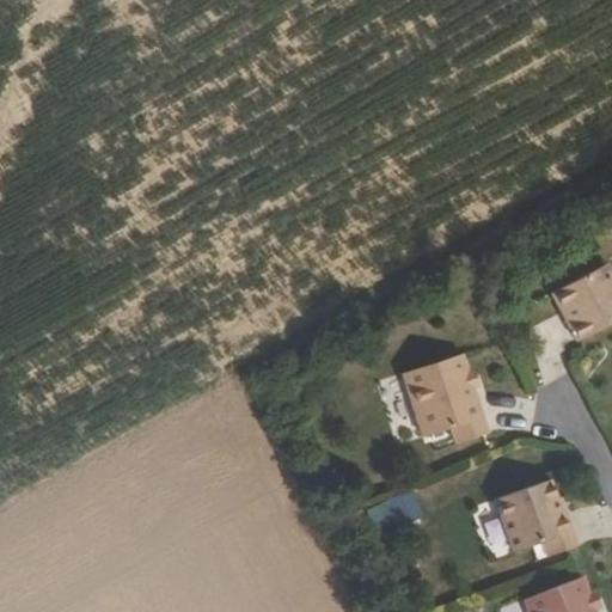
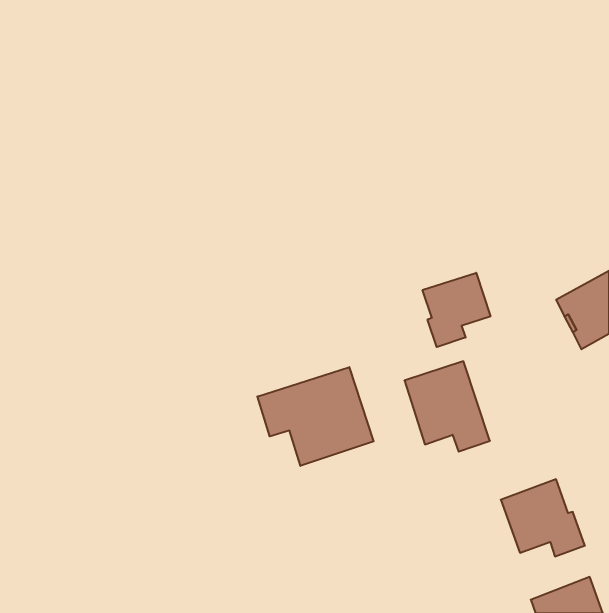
building: none -> [423,273,490,347]
building: none -> [257,367,374,466]

